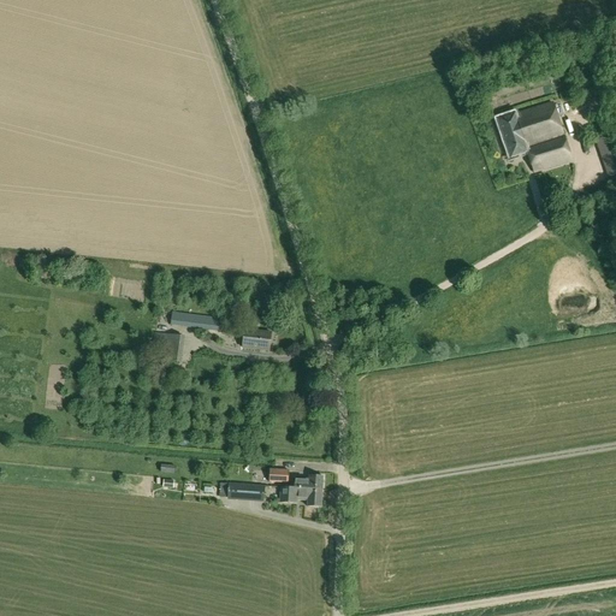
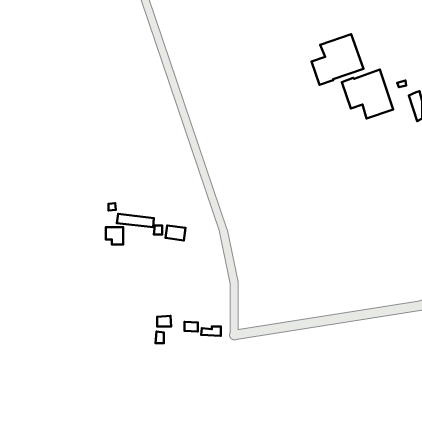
building: none -> [311,34,363,85]
building: [278,485,321,505] -> none

